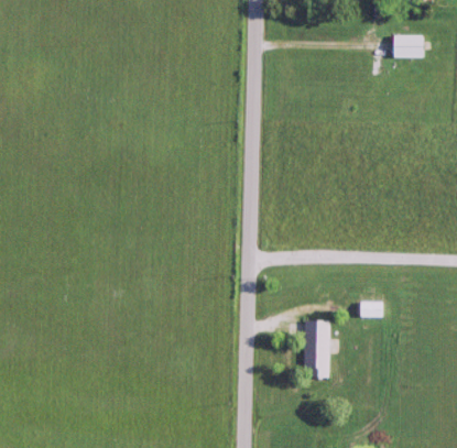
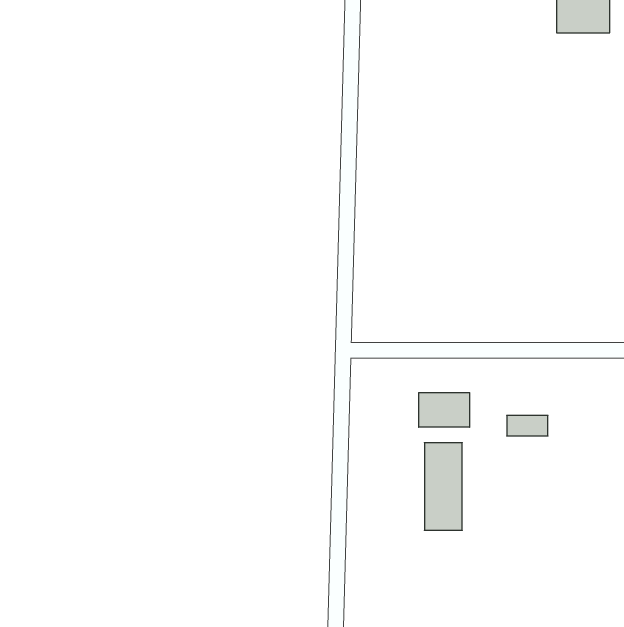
building: none -> [419,393,470,427]

